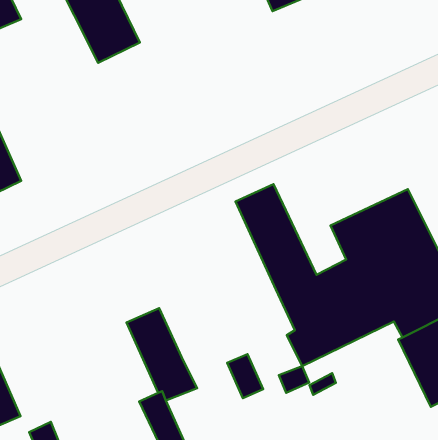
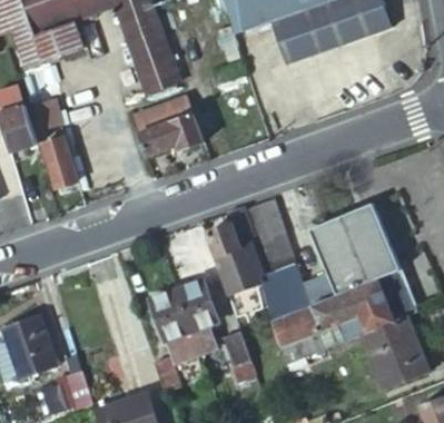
building: none -> [132,95,203,155]
building: none -> [208,207,268,297]
building: none -> [175,279,218,355]

